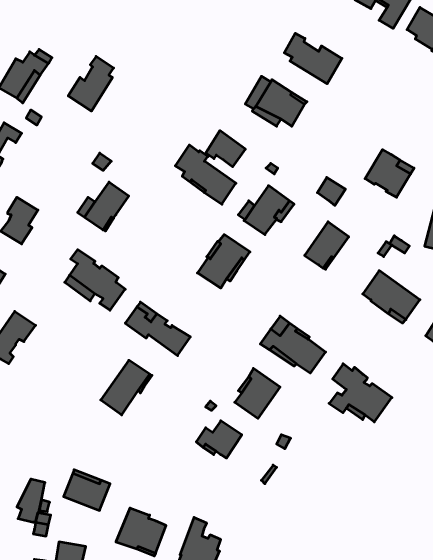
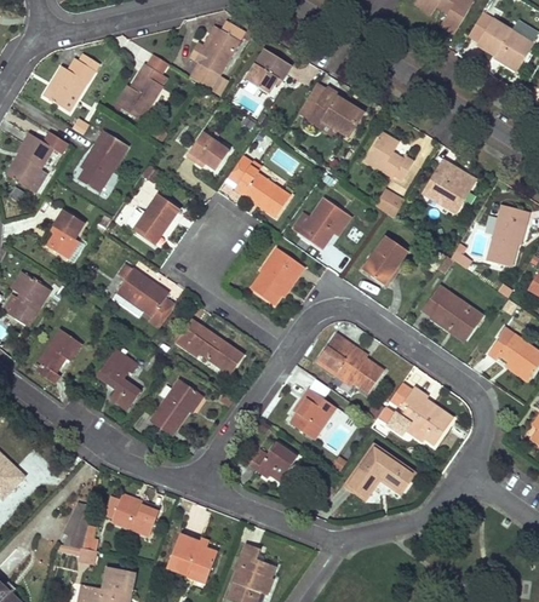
building: none -> [190,25,240,90]
building: [284,33,342,84] -> none
building: none -> [246,48,292,93]
building: none -> [79,130,128,193]
building: none -> [365,132,414,179]
building: [206,131,245,167] -> [188,132,229,170]
building: none -> [97,349,141,409]
building: none -> [345,443,415,499]

